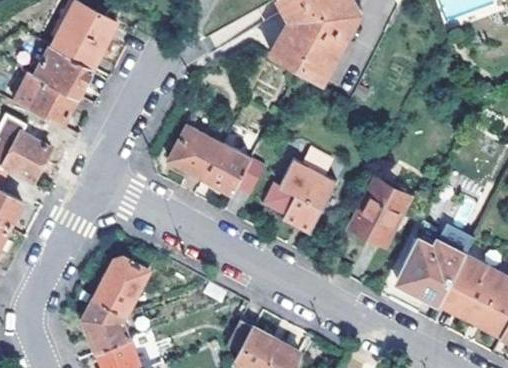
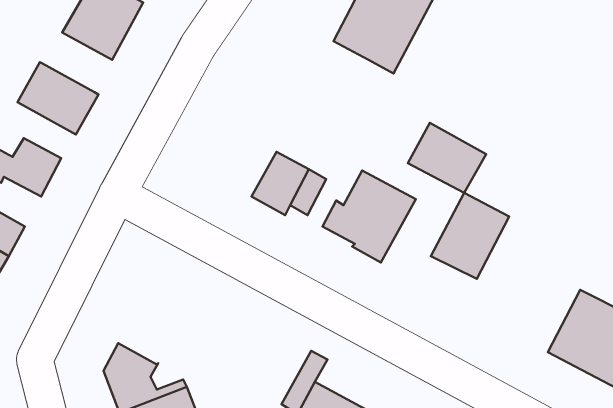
building: [35,48,91,96] -> none
building: none -> [408,123,486,193]
building: [168,125,223,180] -> none
building: [399,238,467,305] -> none
building: [96,258,149,315] -> none

